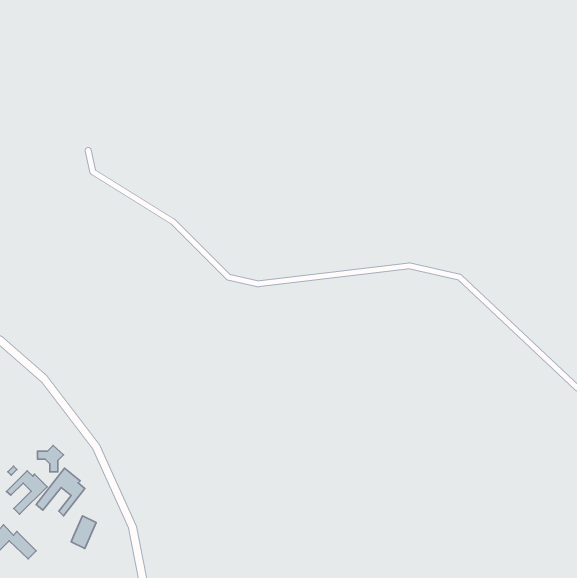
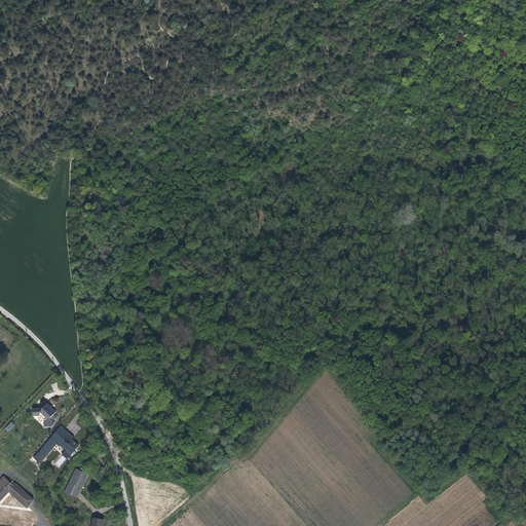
building: [7,471,47,514] -> none

